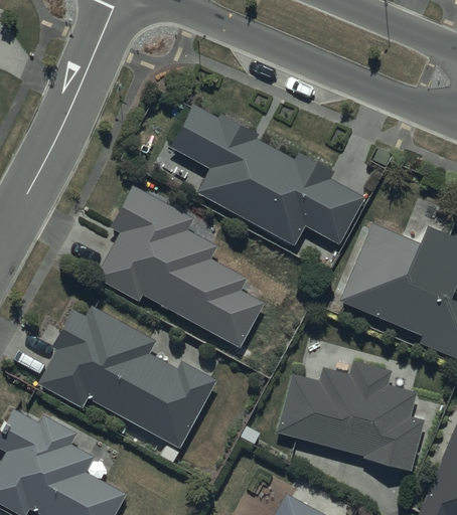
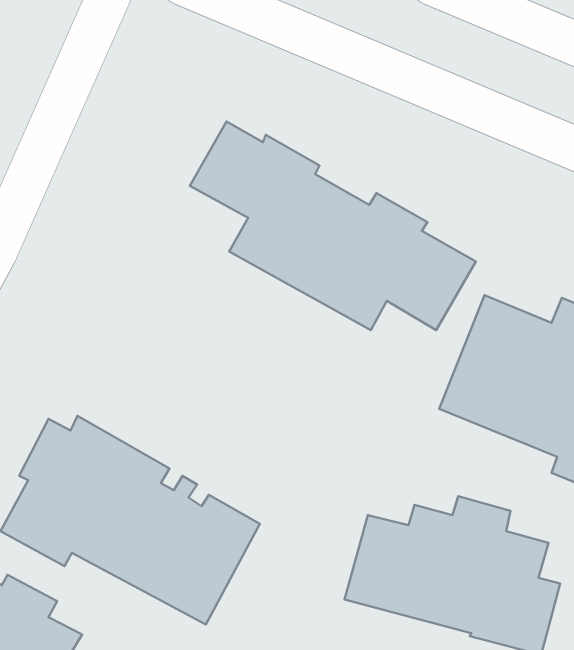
building: [94,184,265,348] -> none

